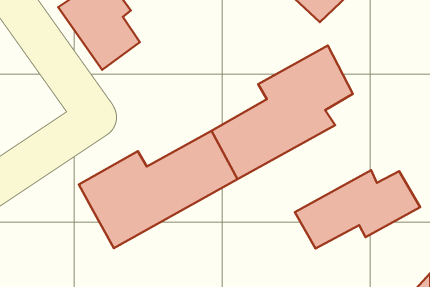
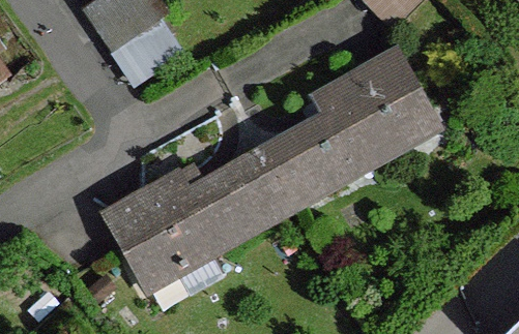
building: [295,170,420,249] -> none

